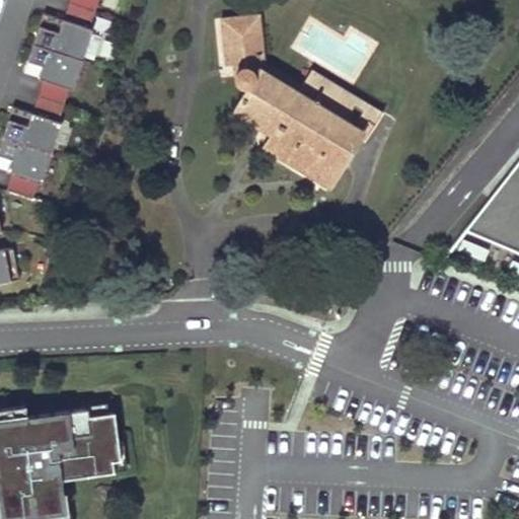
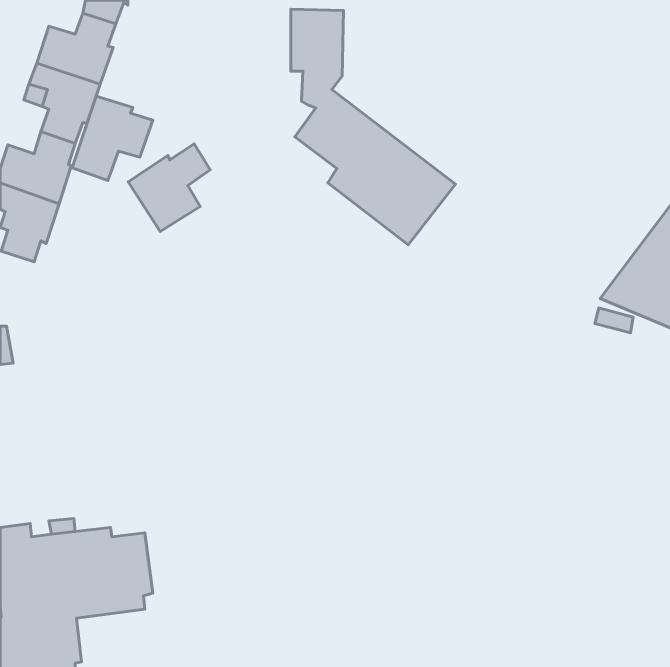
building: [257,63,378,149] -> none
building: none -> [72,96,153,180]
building: none -> [128,144,210,232]

